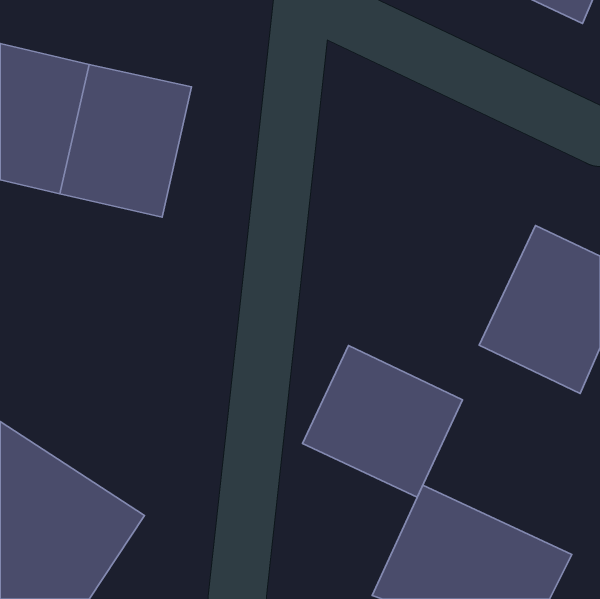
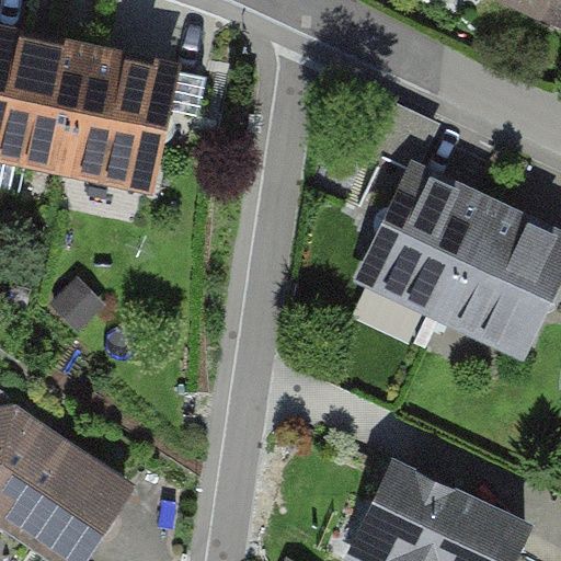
building: none -> [353,167,500,322]
building: [302,346,463,497] -> none

